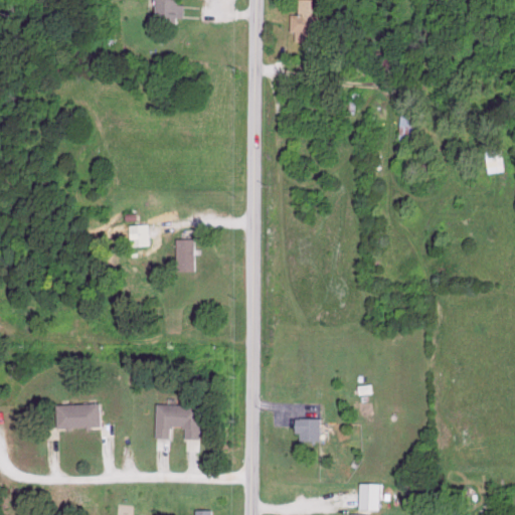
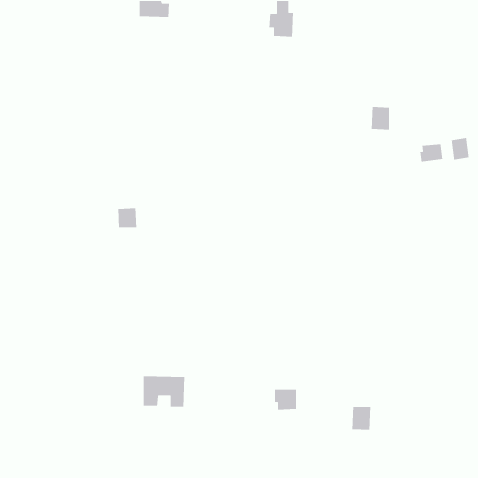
building: none -> [419,143,443,162]
building: [177,238,195,271] -> none
building: [54,403,101,427] -> none
building: [357,484,378,510] -> [351,406,371,431]

